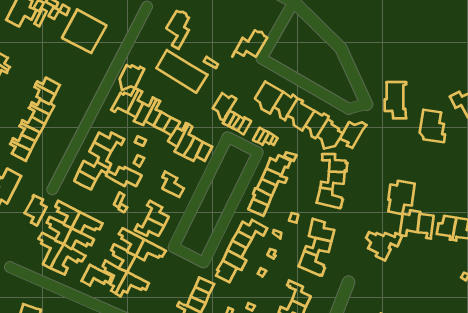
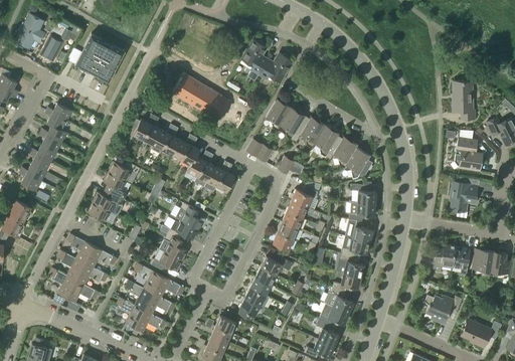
building: [166,11,189,49] -> [242,41,267,81]
building: [120,65,144,90] -> none
building: [385,82,406,118] -> [453,82,476,121]
building: [213,93,236,121] -> [266,102,291,131]
building: [340,122,367,148] -> none
building: [106,167,142,186] -> [161,221,199,241]
building: [388,181,415,214] -> [451,178,479,213]
building: [24,195,47,226] -> none
building: none -> [341,236,370,257]
building: [366,232,402,261] -> [424,296,463,326]
building: [81,265,112,286] -> [144,293,176,315]
building: none -> [316,304,349,326]
building: none -> [462,320,502,348]

